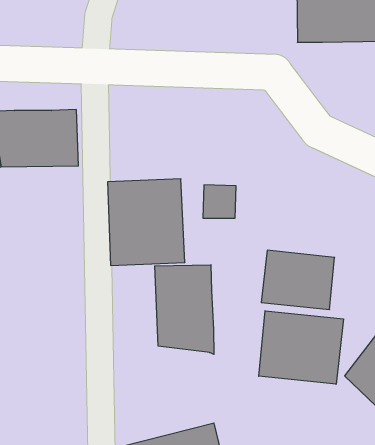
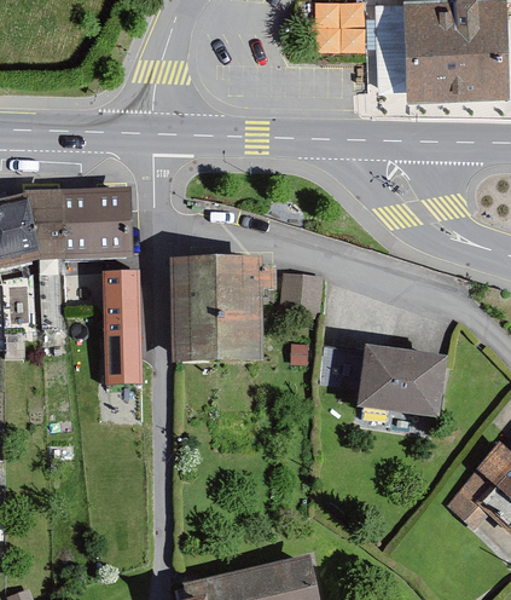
building: none -> [103,269,144,382]
building: [155,265,214,354] -> none
building: [259,311,343,384] -> none

